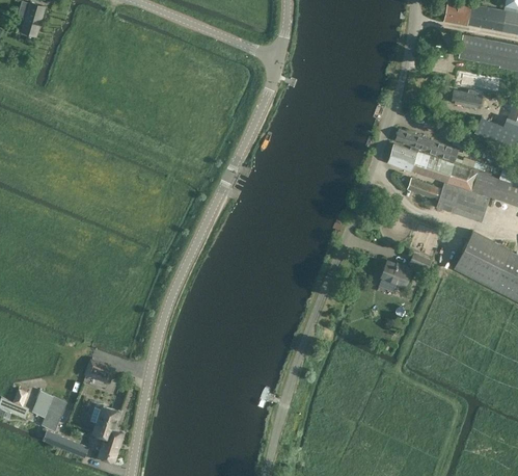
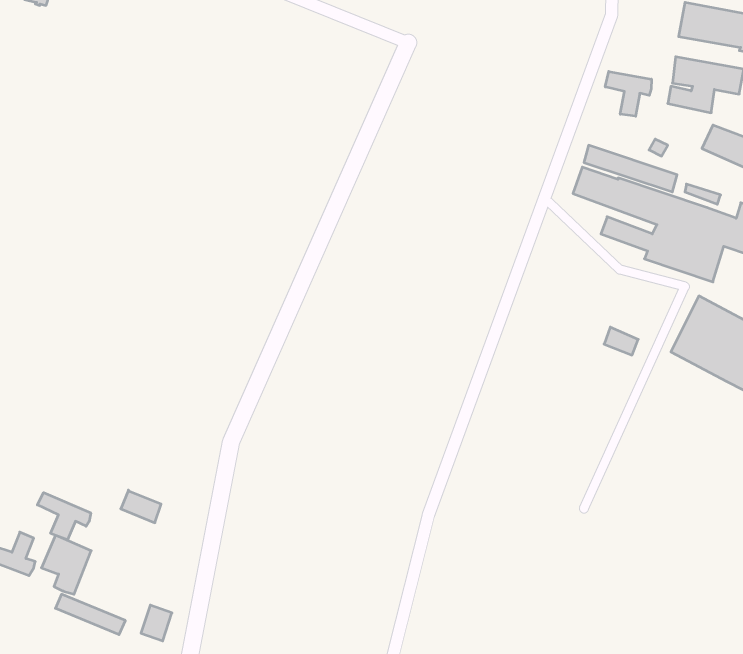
building: none -> [605,71,651,116]
building: [381,262,411,286] -> none
building: none -> [37,493,91,540]
building: [90,406,124,442] -> none

